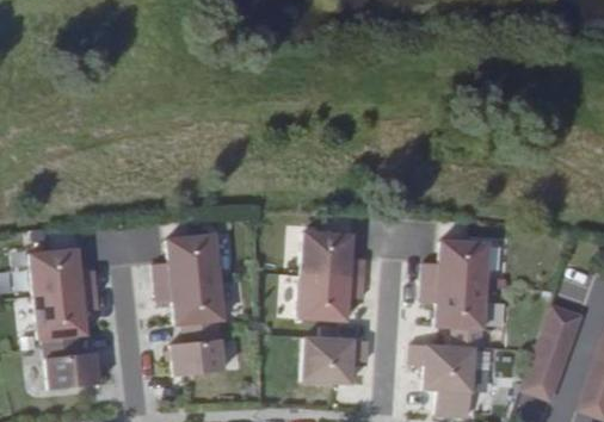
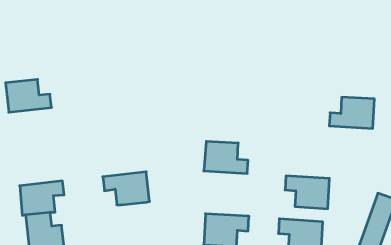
building: [155,234,220,284] -> none
building: [423,241,488,286] -> [329,97,374,128]
building: [31,249,98,297] -> [6,79,52,112]
building: [301,275,366,322] -> none
building: [172,321,226,378] -> none

